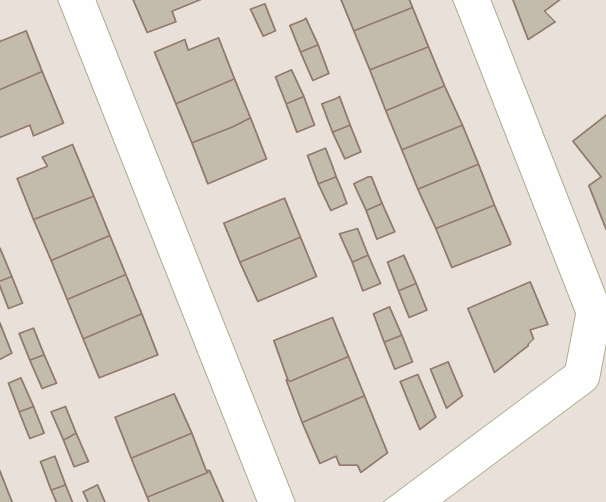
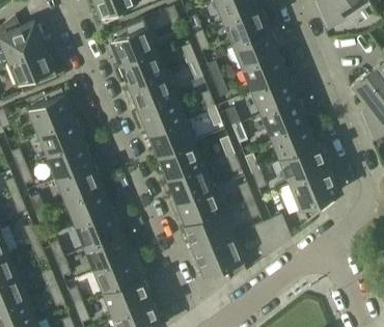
building: none -> [139,98,184,135]
building: none -> [281,145,327,185]
building: none -> [168,166,212,203]
building: none -> [76,212,119,248]

